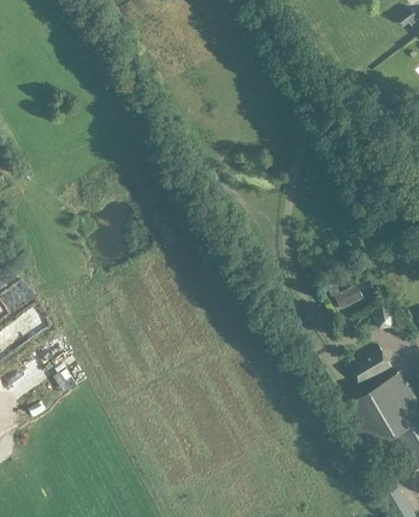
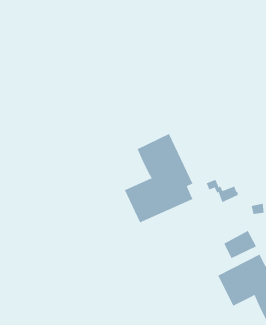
building: none -> [124,133,193,223]

